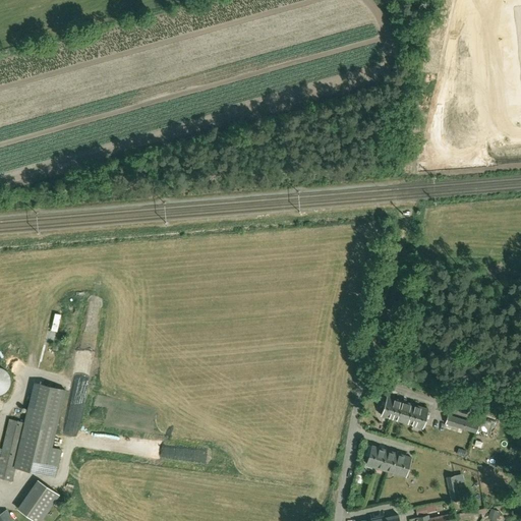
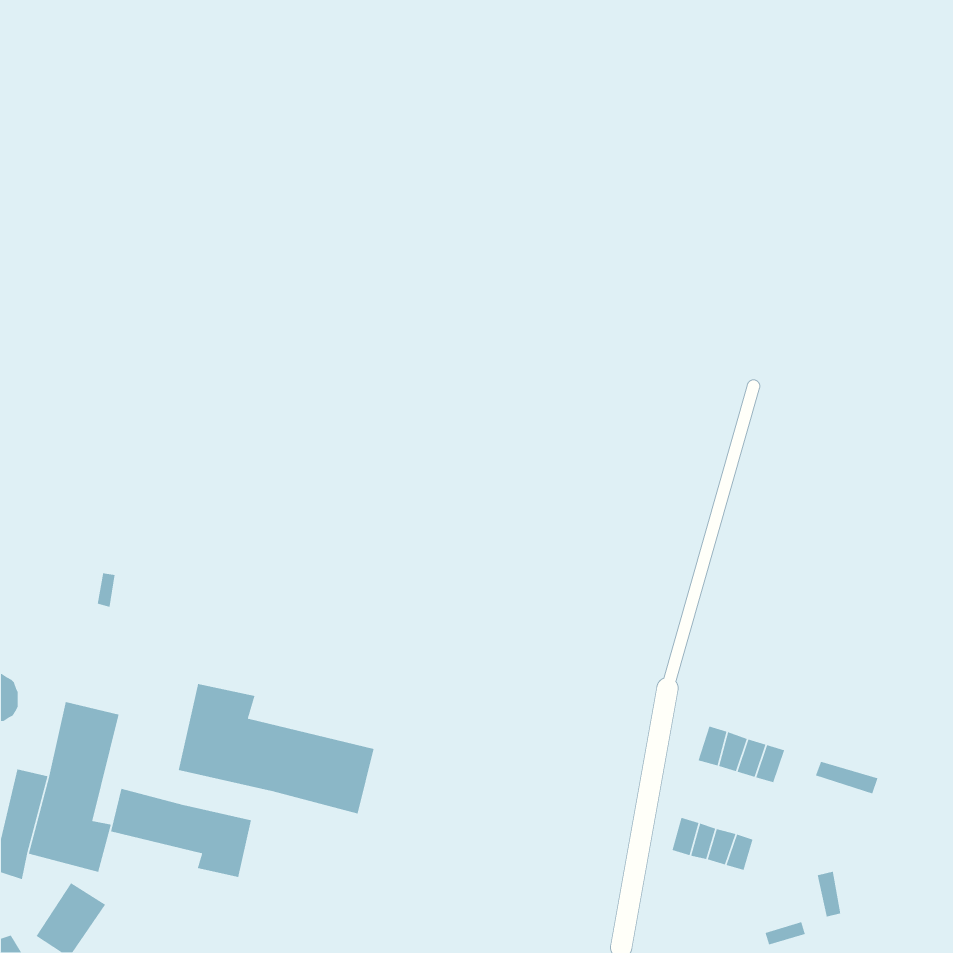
building: none -> [178,683,375,815]
building: none -> [110,788,252,878]

